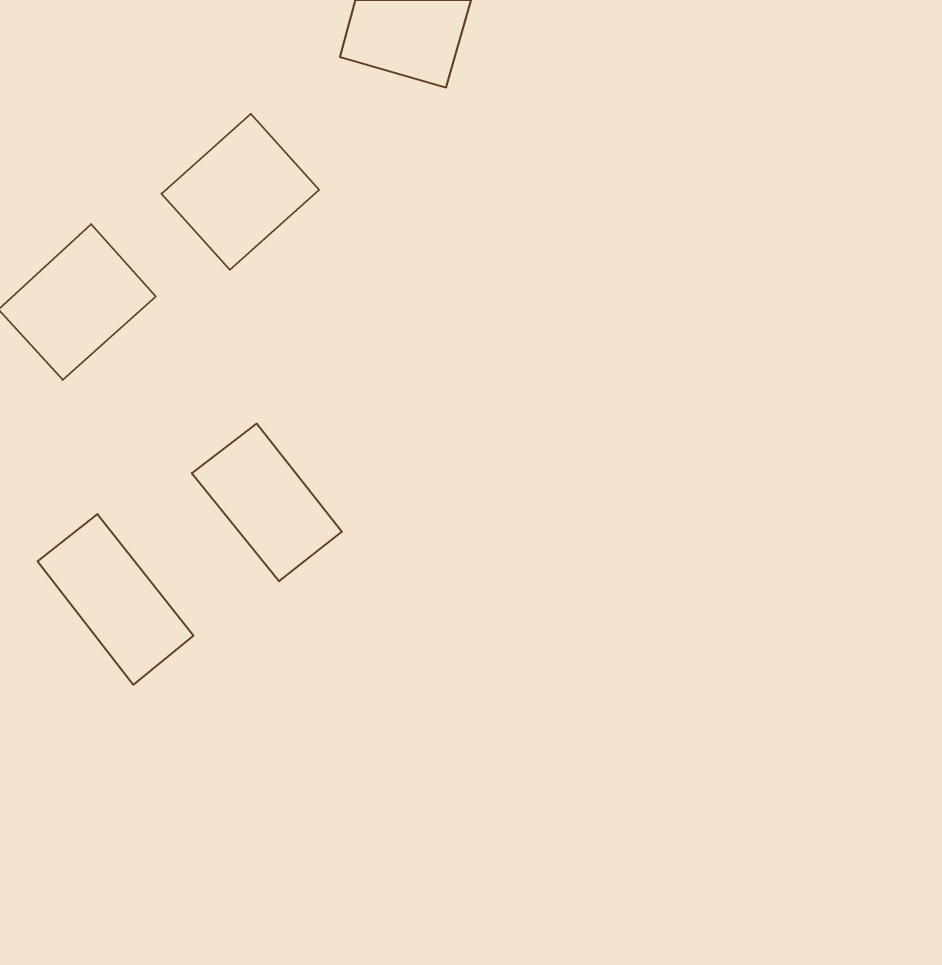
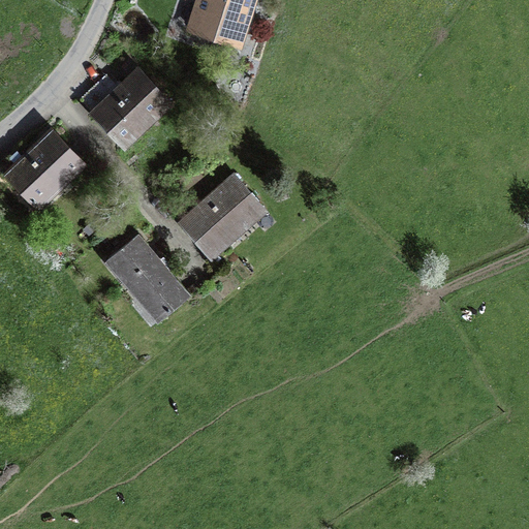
building: none -> [176,172,268,260]
building: [38,514,193,685] -> none

